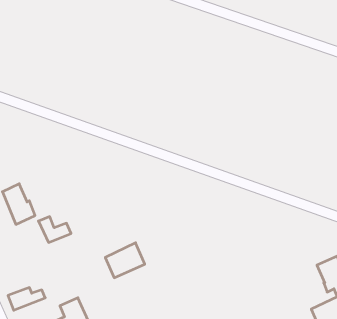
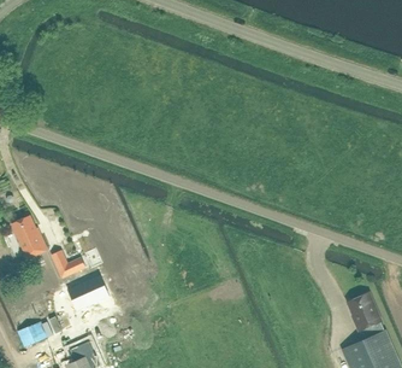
building: [105,243,145,278] -> [67,275,110,312]

